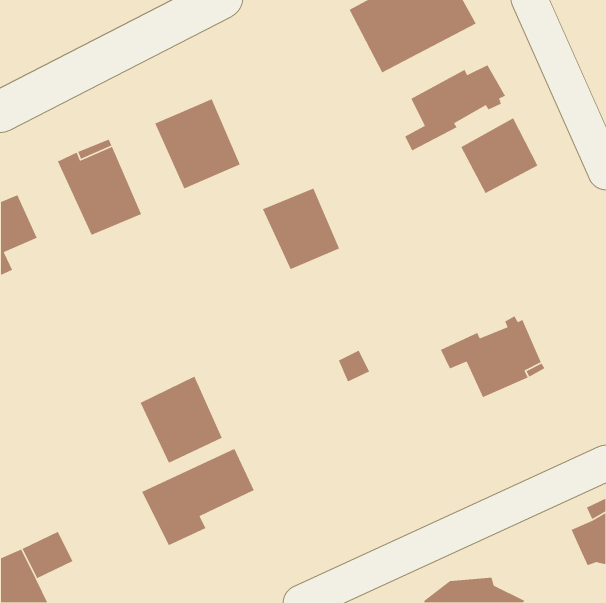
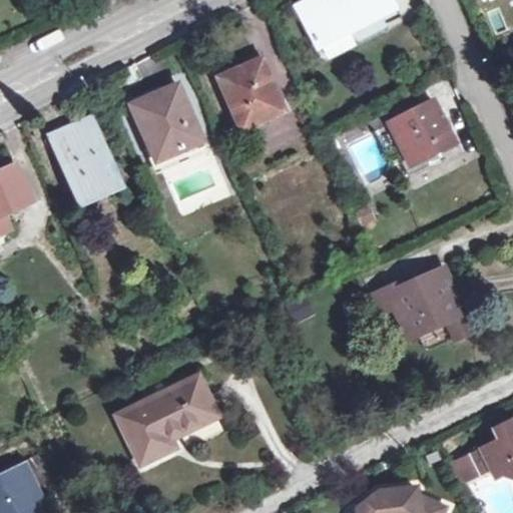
building: [404,64,506,151] -> none
building: [262,187,340,270] -> [217,59,284,129]
building: [139,375,223,464] -> none
building: none -> [450,448,491,483]

